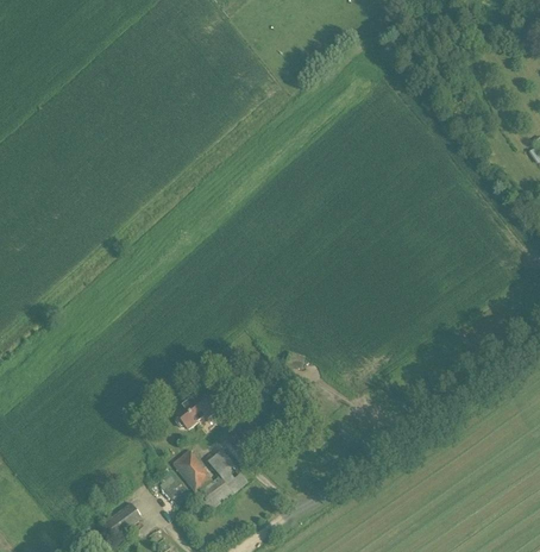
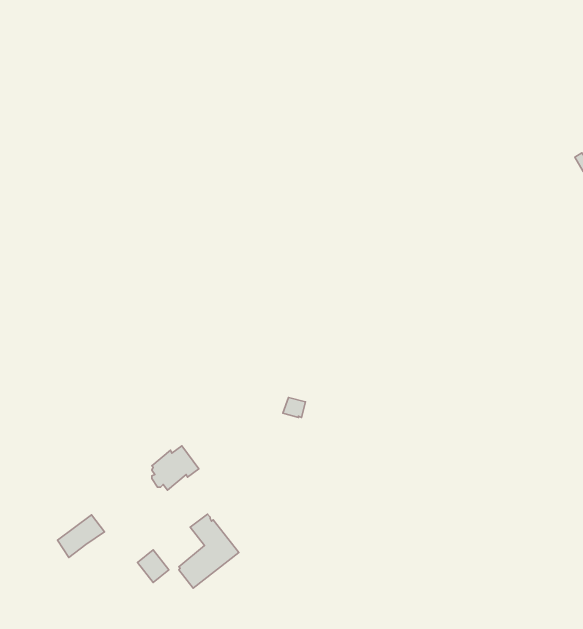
building: [172,448,211,490] -> none
building: [101,501,140,537] -> [57,515,104,557]

